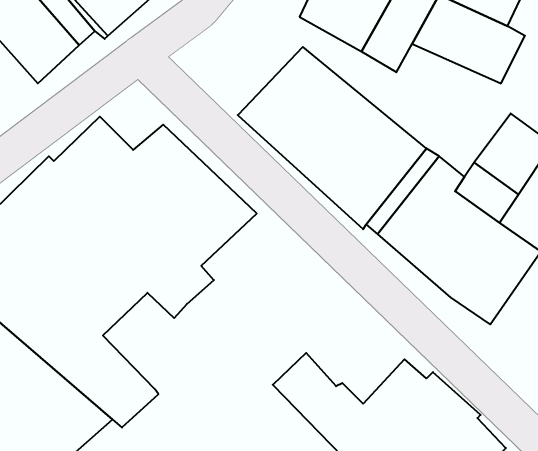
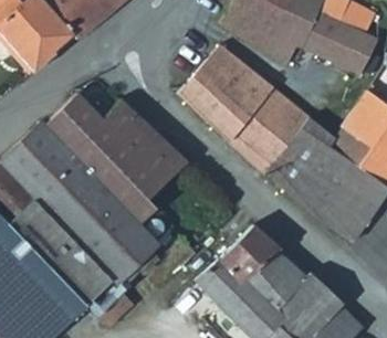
building: none -> [81,216,159,284]
building: none -> [222,224,291,294]

